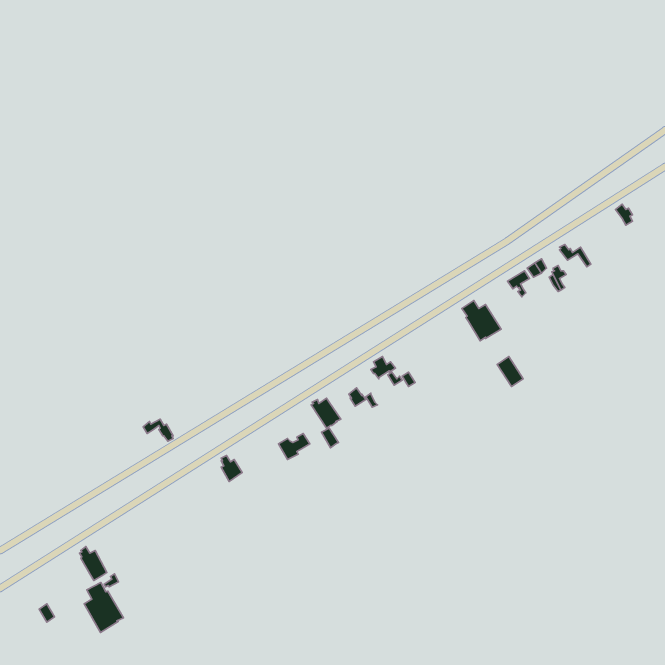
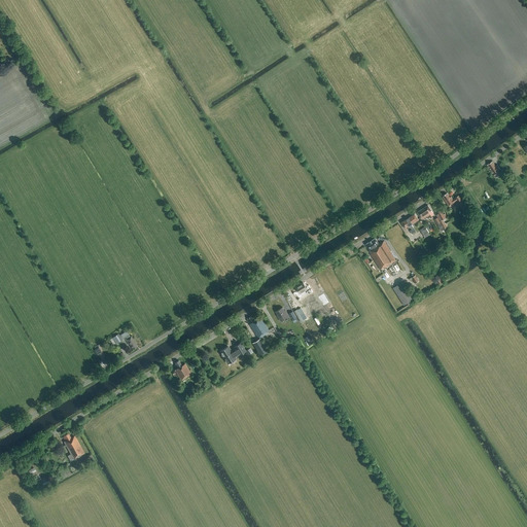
building: [84,582,123,632] -> none

